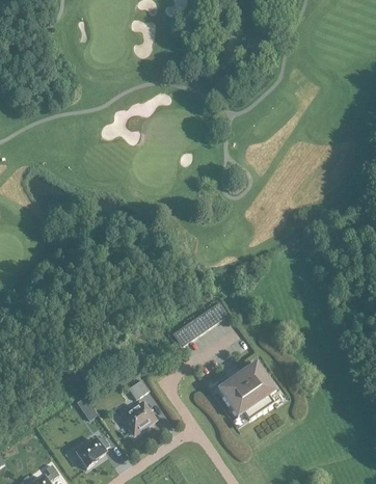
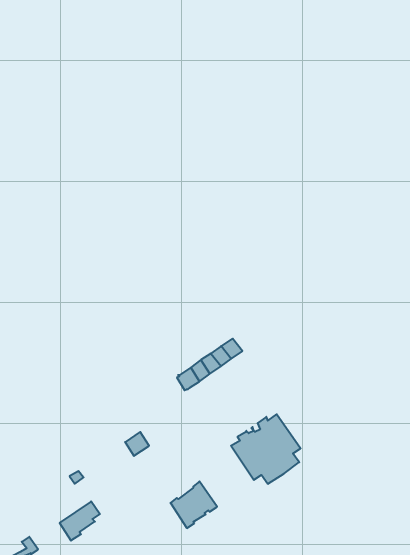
building: [118,399,157,437] -> [170,481,217,528]

